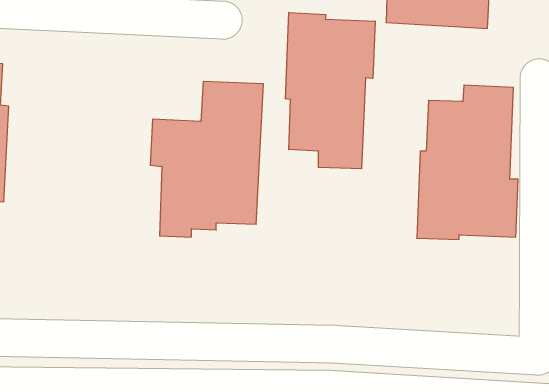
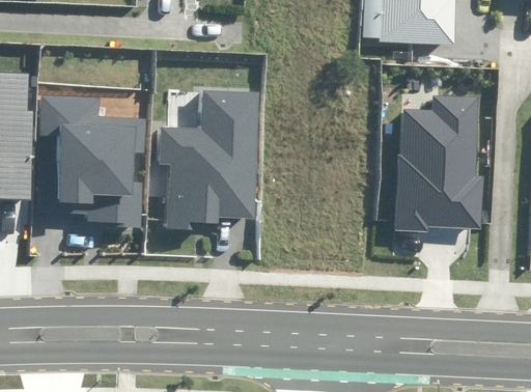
building: [285,12,375,169] -> none
building: none -> [39,94,141,226]

